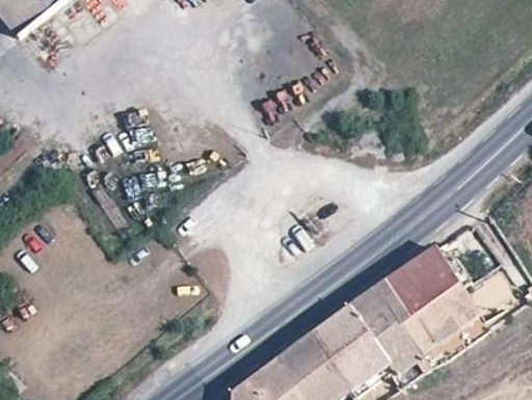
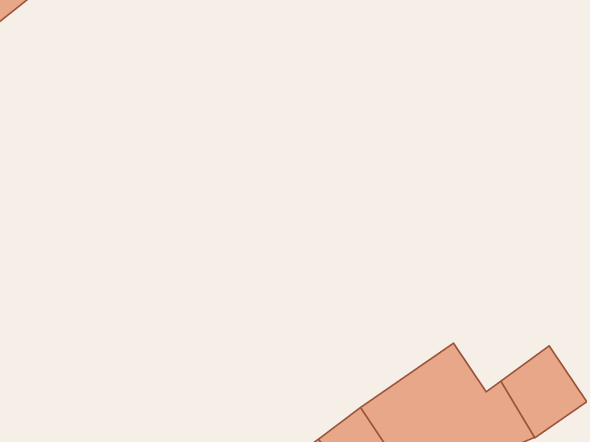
building: [377,249,453,322] -> none

